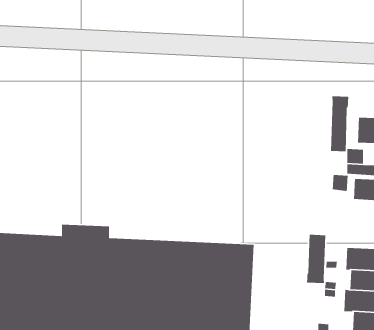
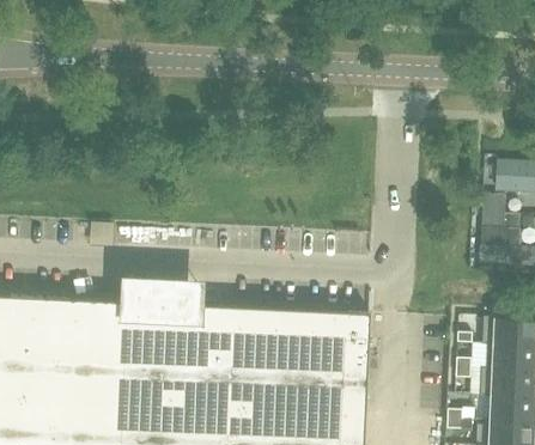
building: [330,95,349,152] -> none
building: [306,234,326,284] -> none

